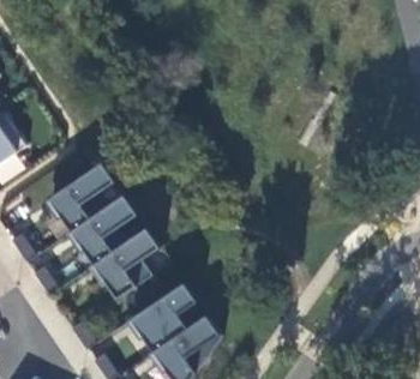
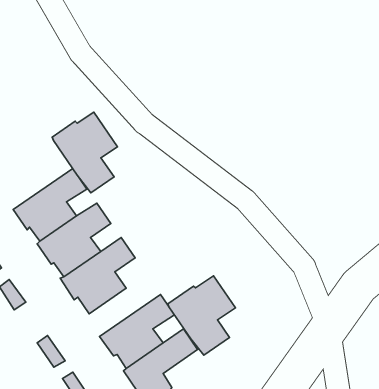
building: none -> [52,112,117,193]
building: none -> [168,276,236,355]

